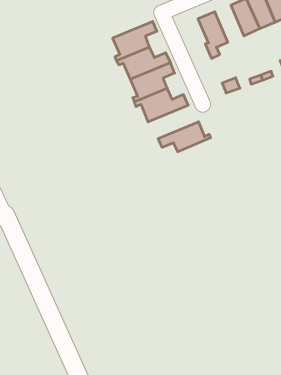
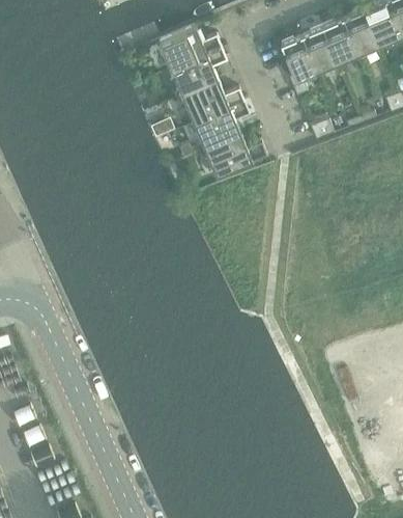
building: none -> [157,25,221,69]
building: none -> [300,26,338,74]
building: [158,122,211,152] -> none

